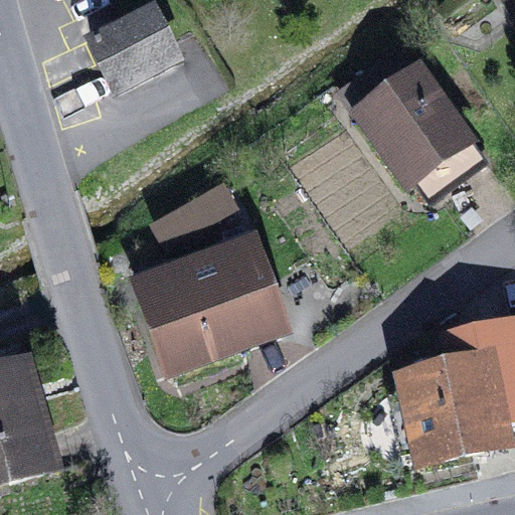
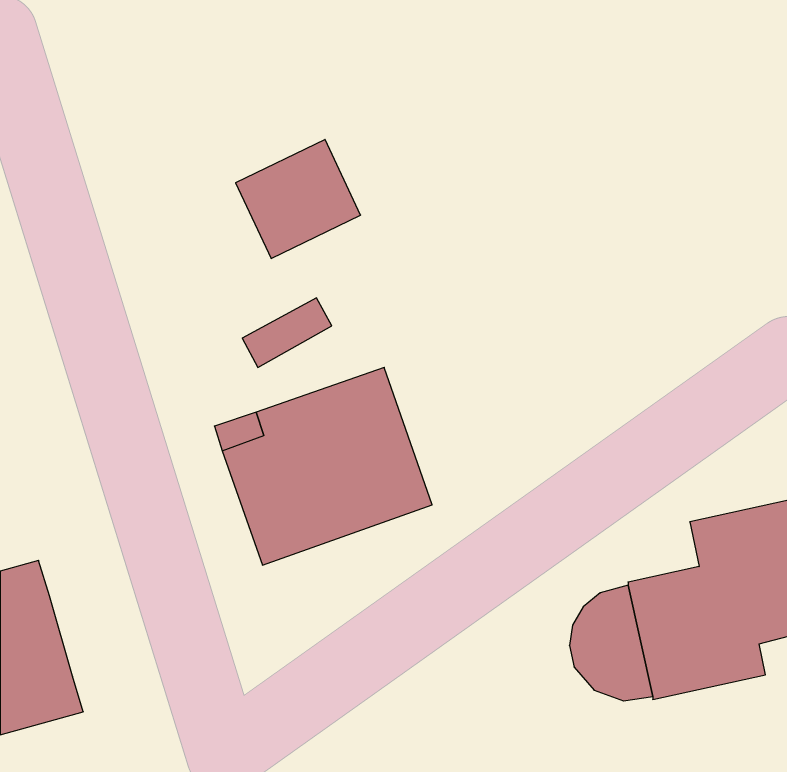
building: [95,9,176,87] -> [236,139,361,258]
building: [343,61,486,196] -> none

